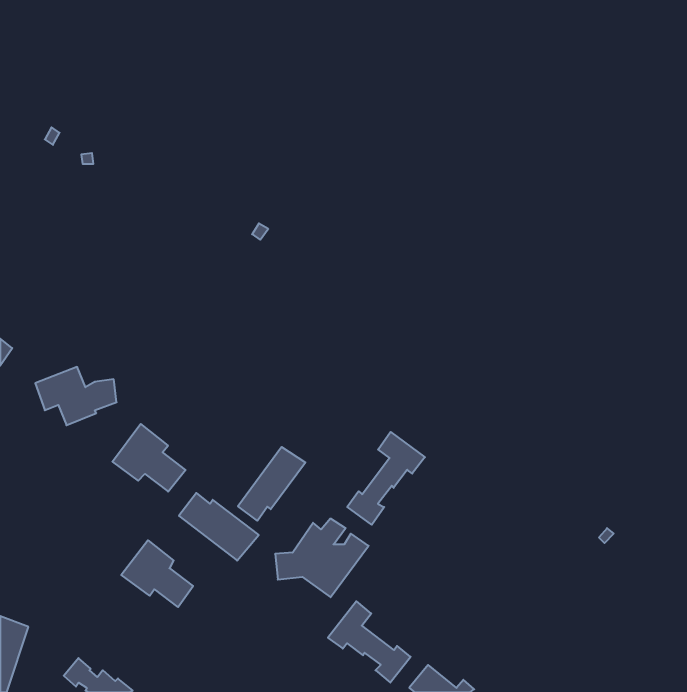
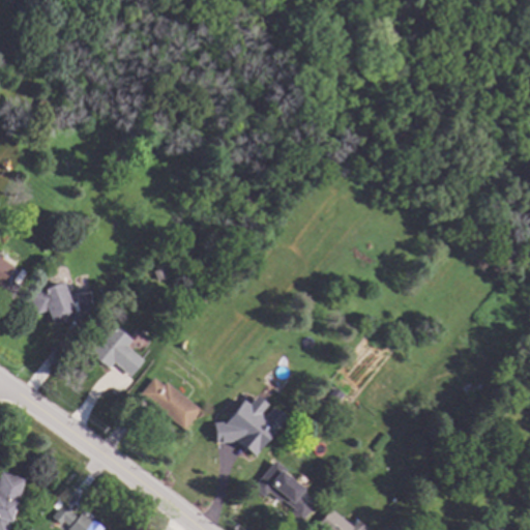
building: [347,432,425,525] -> none
building: [238,447,305,521] -> none
building: [121,540,193,607] -> none

